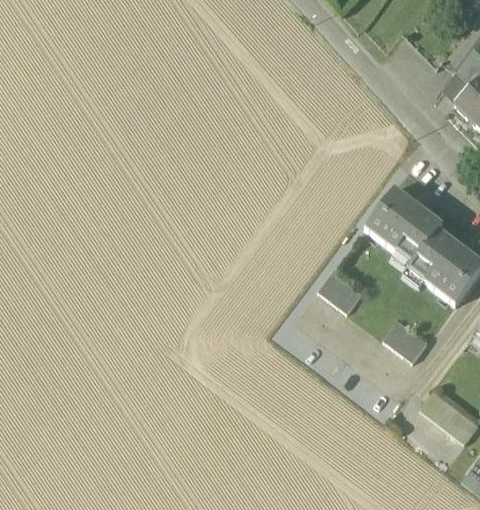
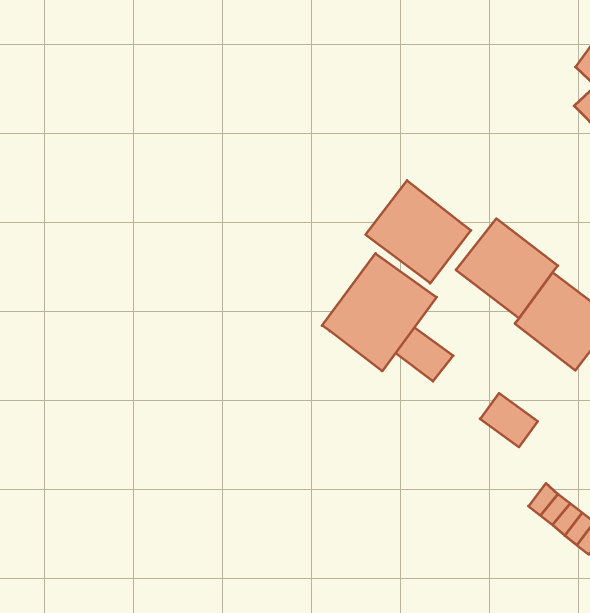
building: none -> [366,180,471,283]
building: none -> [322,253,437,371]

